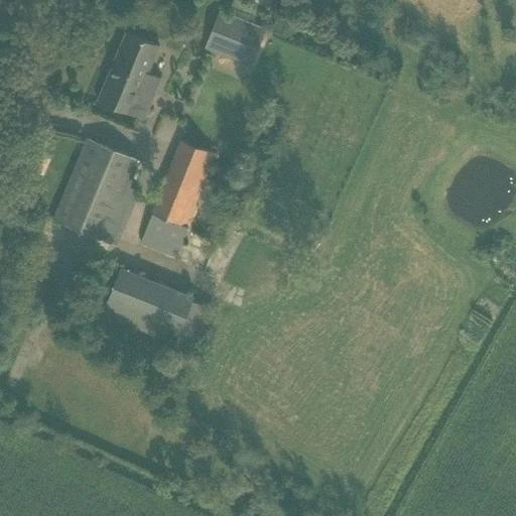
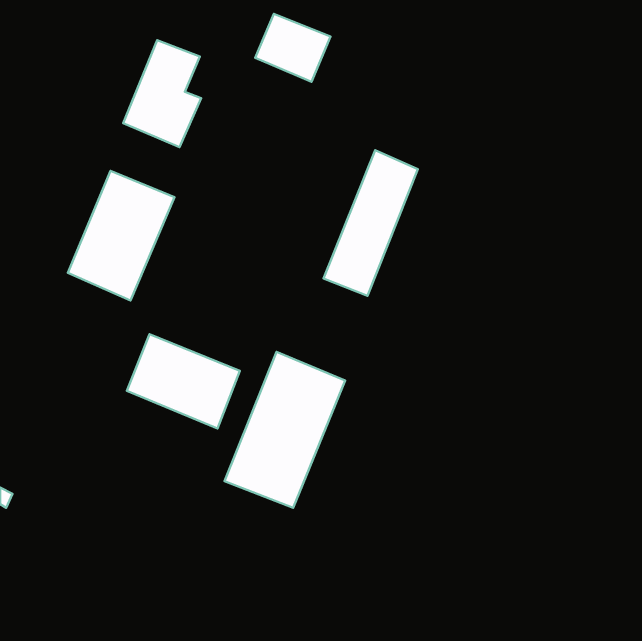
building: [141,140,217,257] -> [324,150,418,296]
building: none -> [224,352,345,508]

